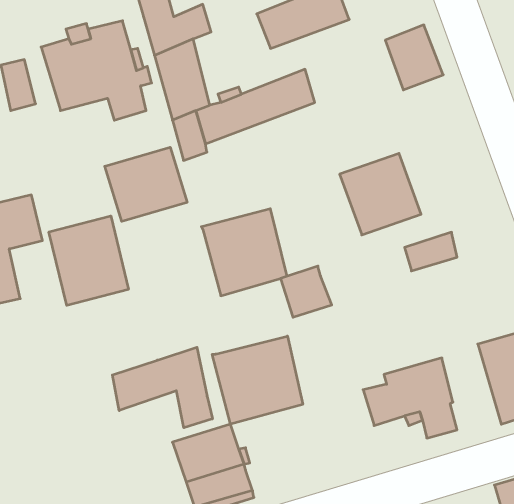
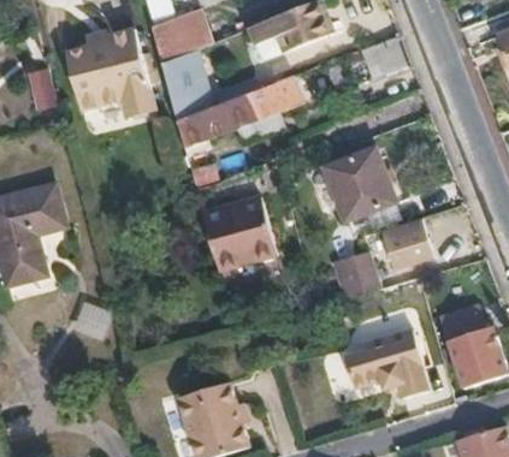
building: [105,147,187,221] -> none
building: [49,216,128,305] -> none
building: [281,266,332,317] -> [336,254,380,298]
building: [212,336,303,424] -> none
building: [112,347,212,428] -> none

